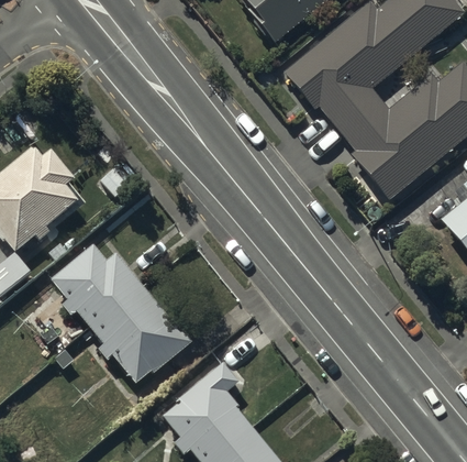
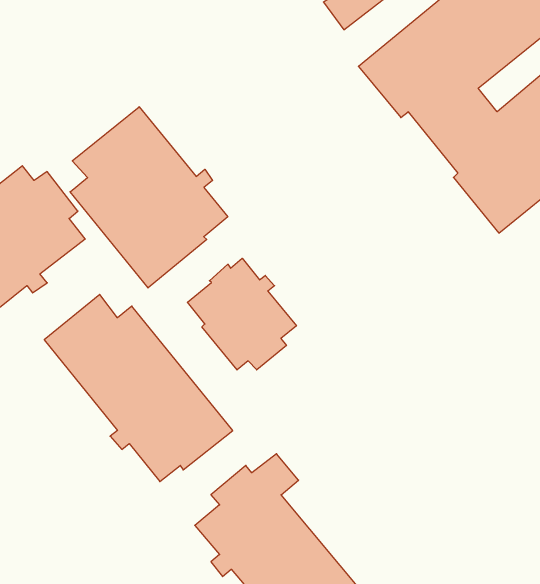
building: none -> [70,107,228,288]
building: none -> [187,258,296,370]

